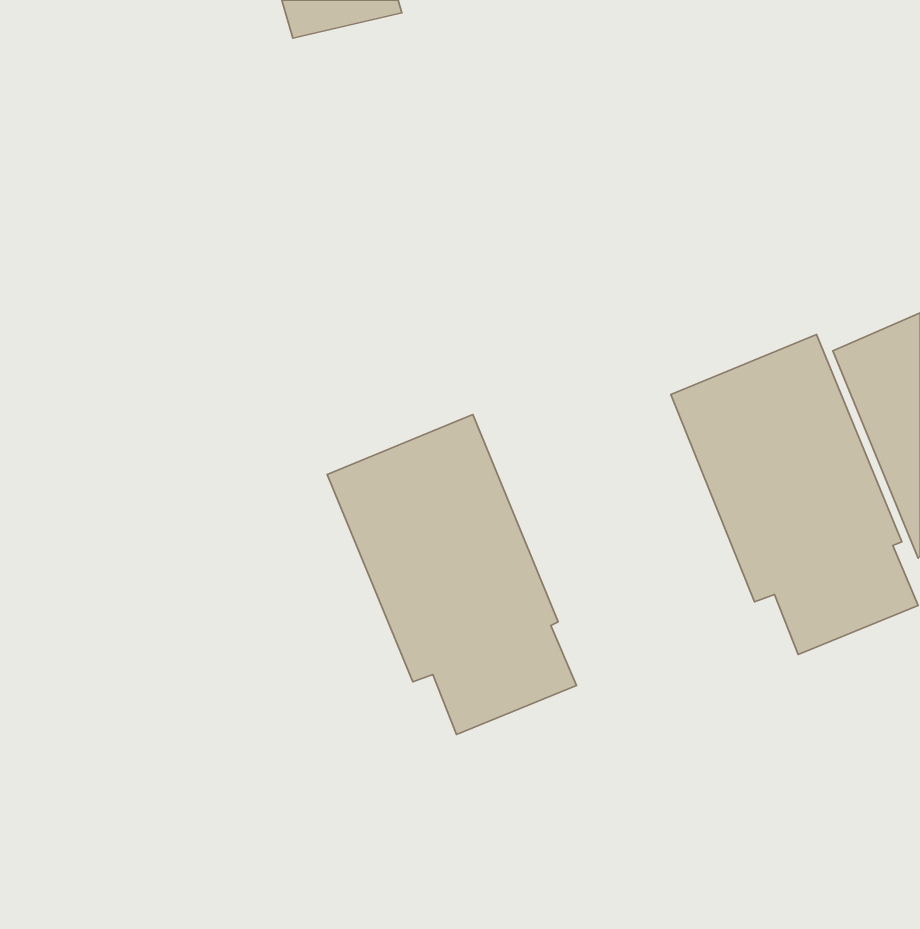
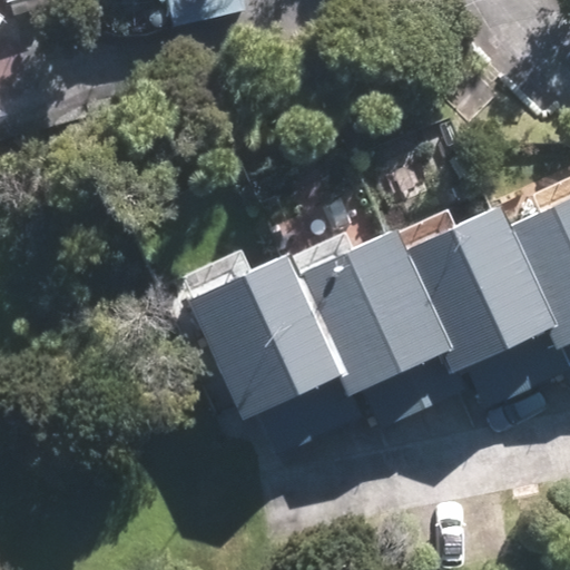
building: none -> [308,227,461,423]

